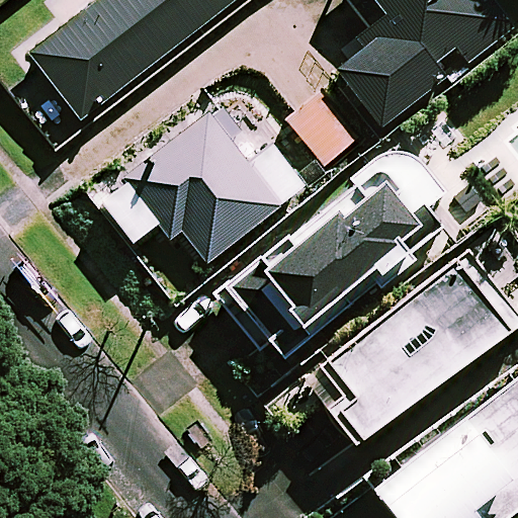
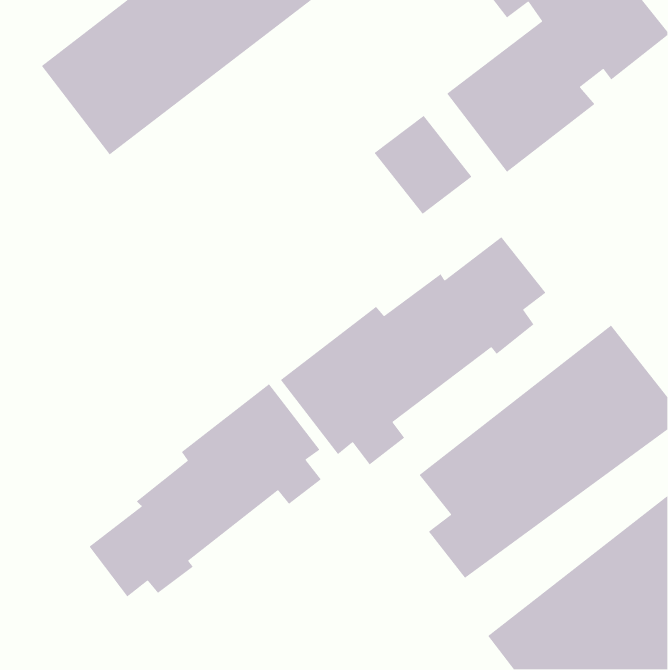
building: [126,111,310,261] -> none
building: none -> [89,383,322,598]

